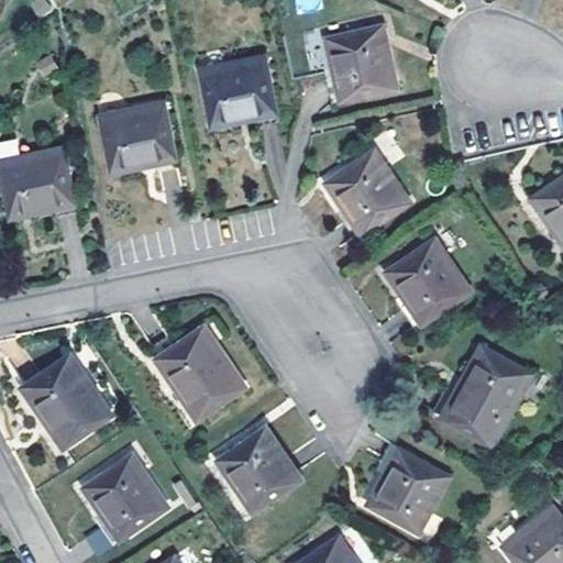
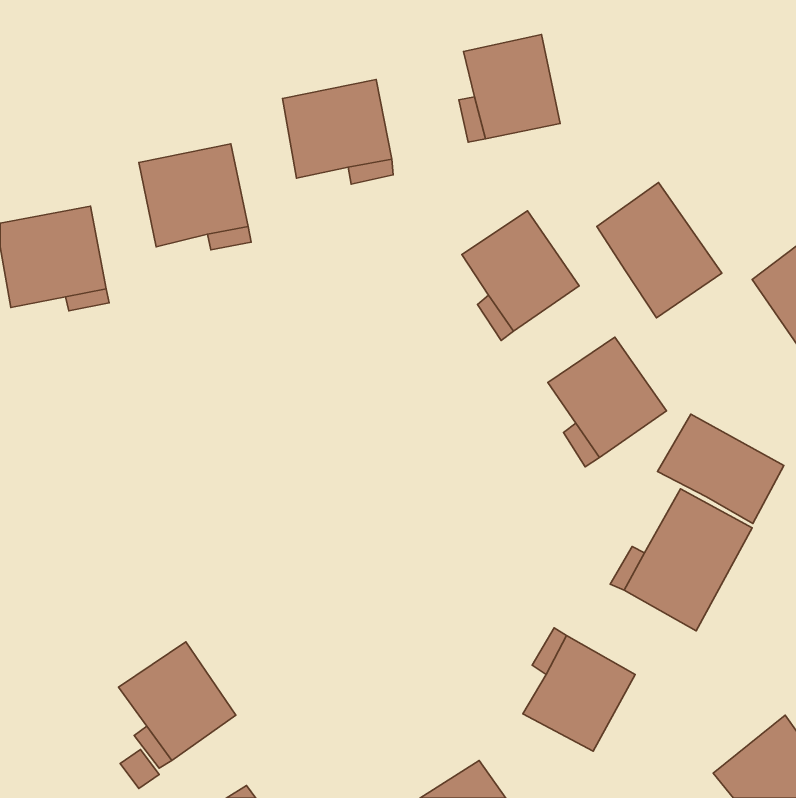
building: none -> [597,183,722,318]
building: none -> [657,414,784,524]
building: [156,324,244,416] -> none
building: [23,351,111,443] -> none
building: [219,427,300,509] -> none

